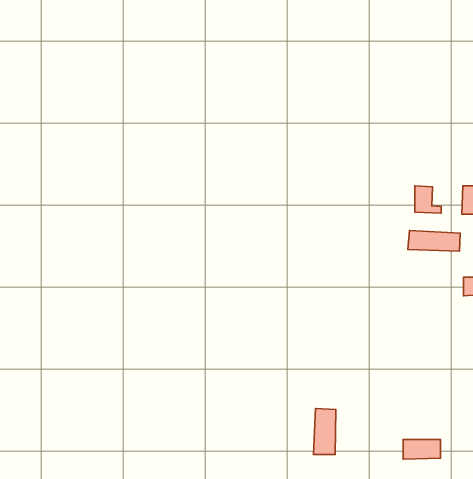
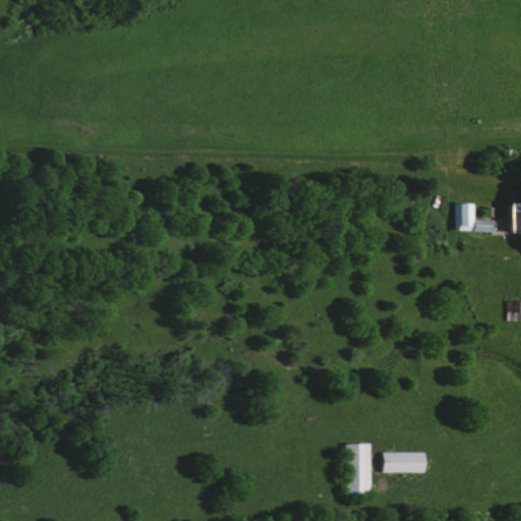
building: [408,230,460,251] -> none
building: [403,439,441,459] -> [385,452,425,473]

